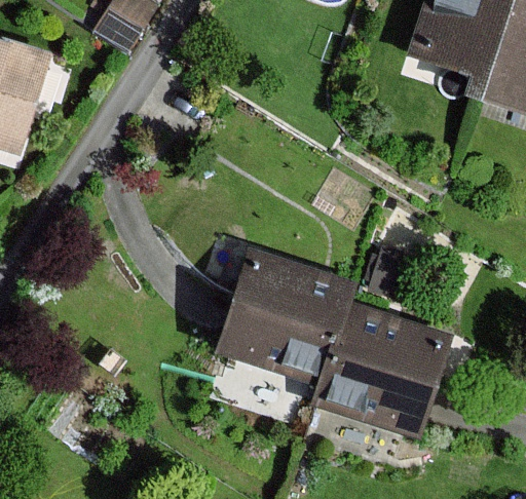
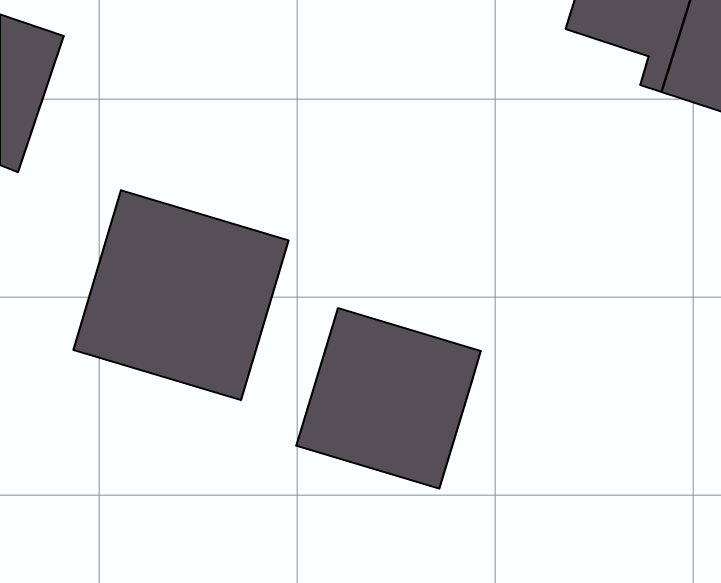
building: none -> [73,190,288,400]
building: [314,304,446,431] -> none

